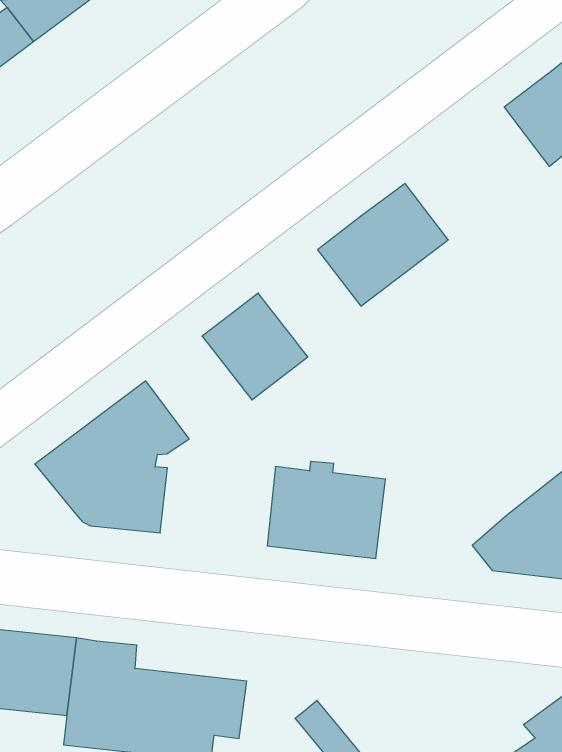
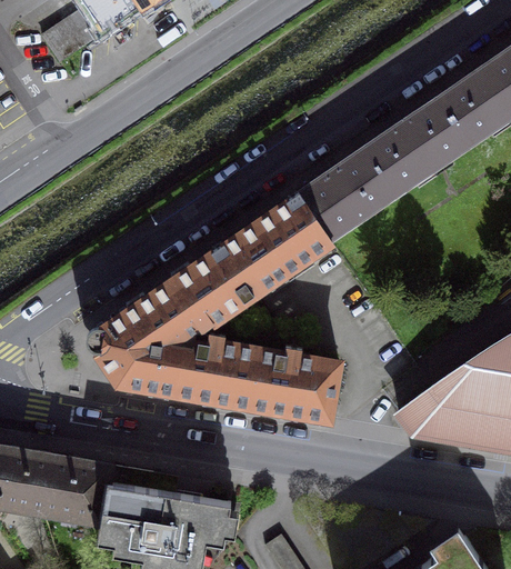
building: none -> [364,101,469,197]
building: none -> [254,197,331,273]
building: none -> [170,254,246,332]
building: none -> [174,336,260,408]

